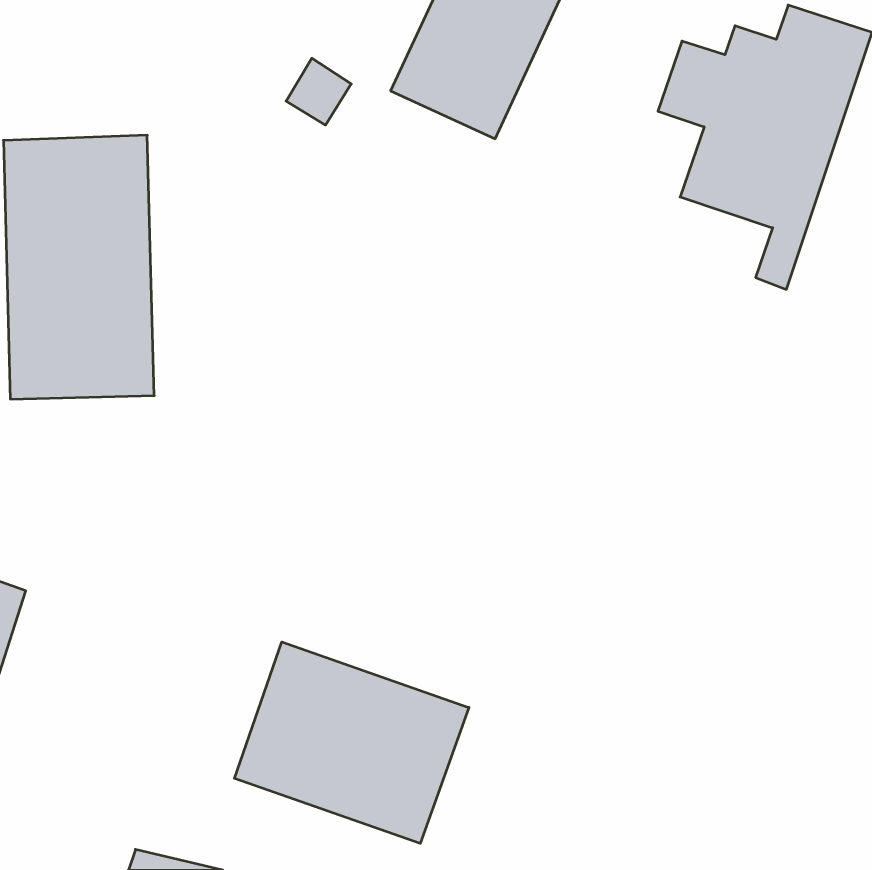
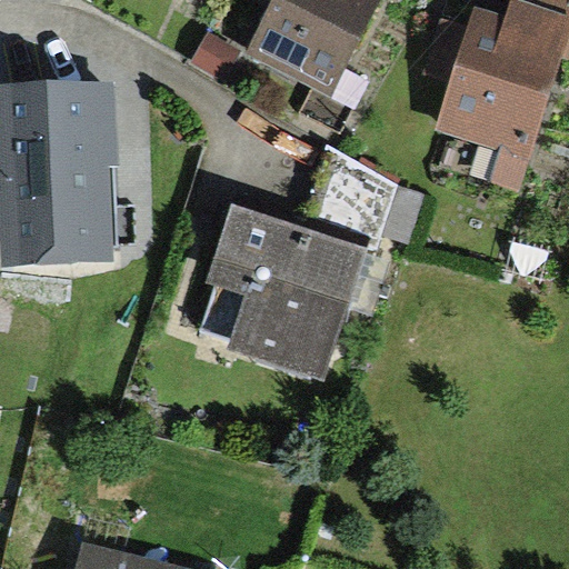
building: none -> [208,156,410,370]
building: [234,642,469,843] -> none

